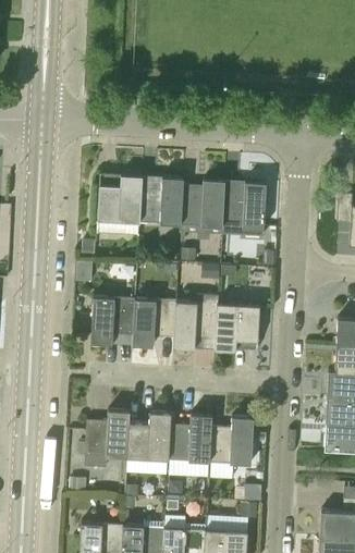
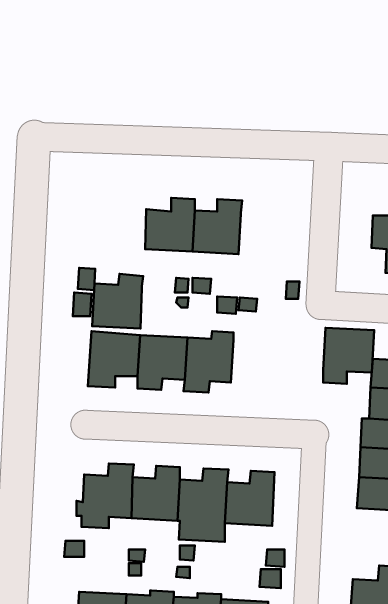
building: [97,175,142,223] -> [92,274,143,329]
building: [221,182,265,230] -> none
building: [215,303,259,352] -> [323,328,374,384]

